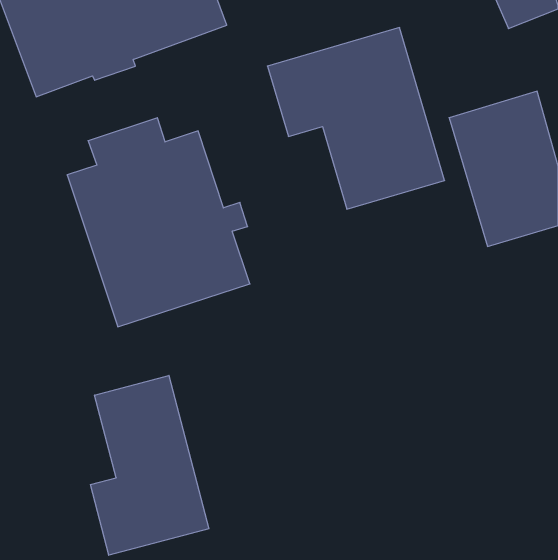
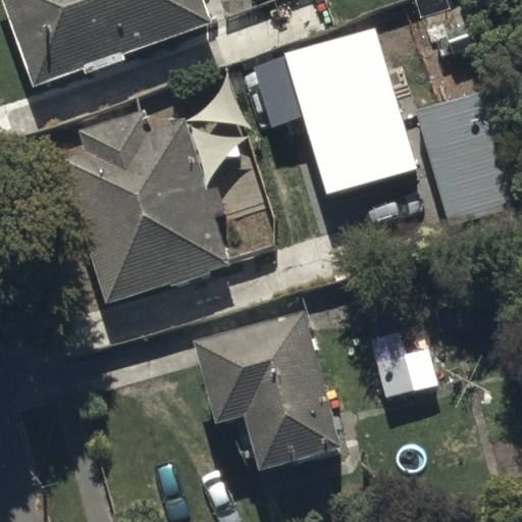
building: none -> [203,312,351,471]
building: [90,375,209,555] -> none

